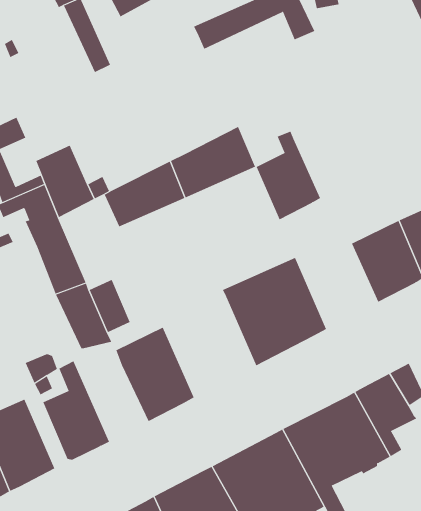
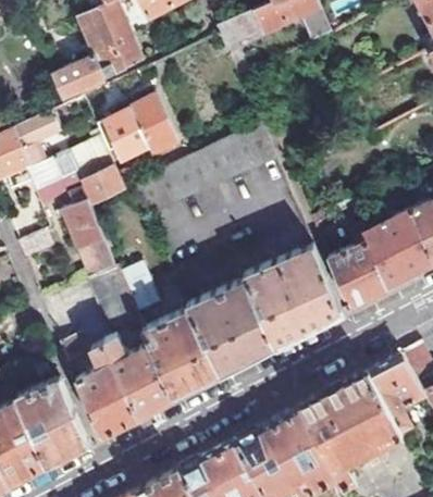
building: none -> [53,9,125,100]
building: none -> [102,105,161,161]
building: [256,131,321,220] -> [330,224,391,308]
building: none -> [188,279,276,376]
building: none -> [106,335,175,418]

